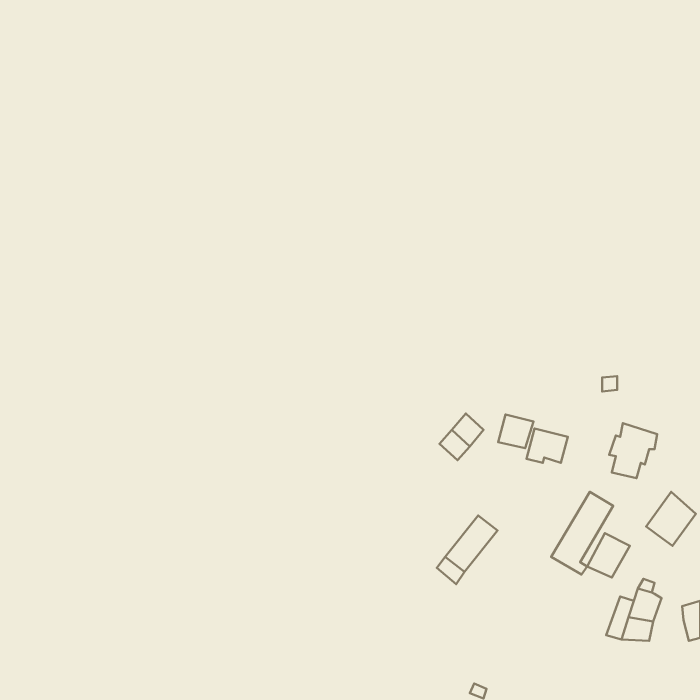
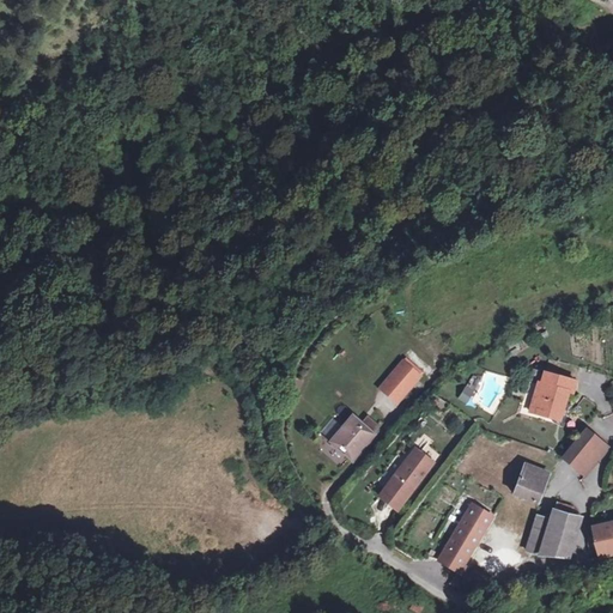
building: [498,415,533,448] -> none
building: none -> [330,413,378,457]
building: [551,492,613,575] -> [438,504,492,576]

